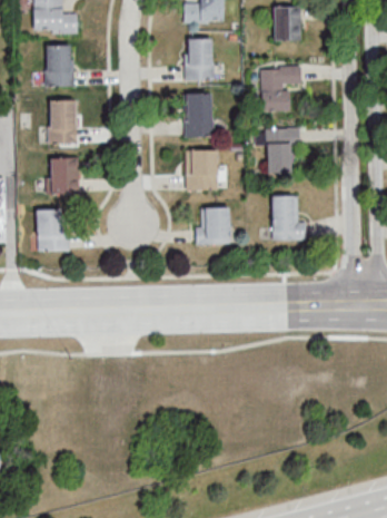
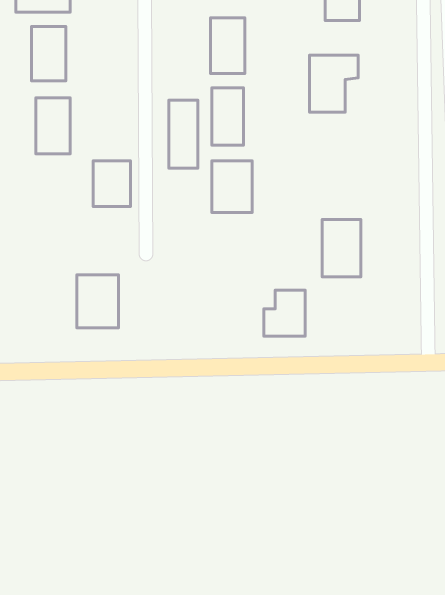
building: none -> [169,100,198,168]
building: [256,129,299,173] -> none
building: [50,158,79,194] -> [93,161,130,207]
building: [197,207,229,243] -> [264,290,305,336]
building: [38,209,70,251] -> [77,275,118,328]

